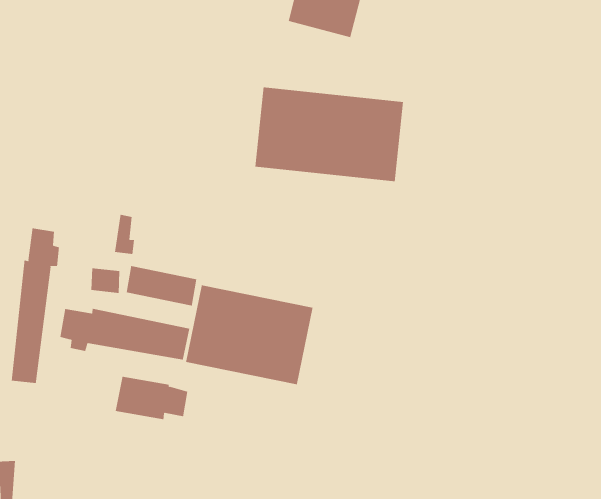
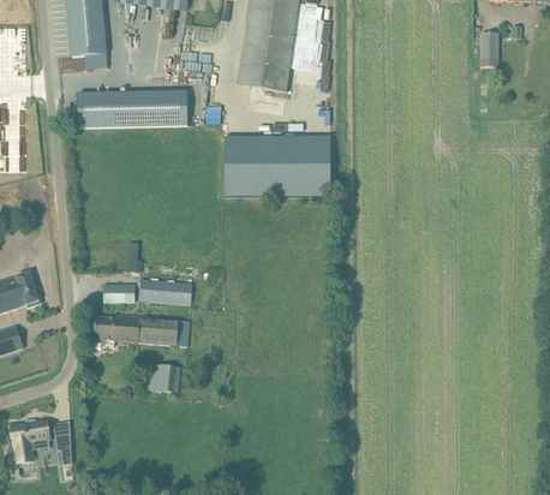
building: none -> [78,90,187,127]
building: [11,227,60,384] -> none
building: [186,284,313,385] -> none

